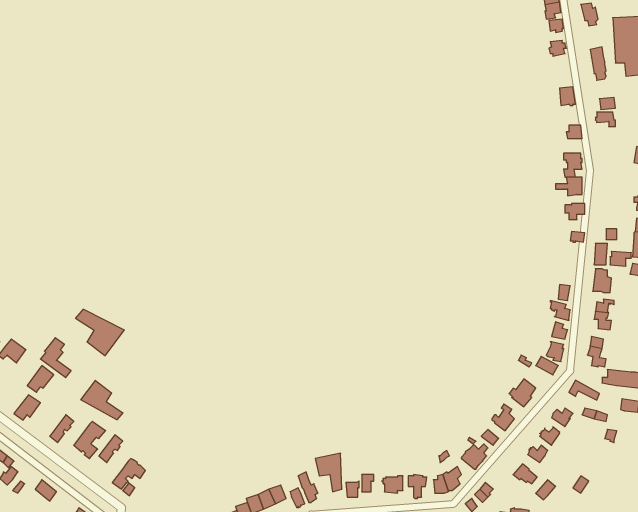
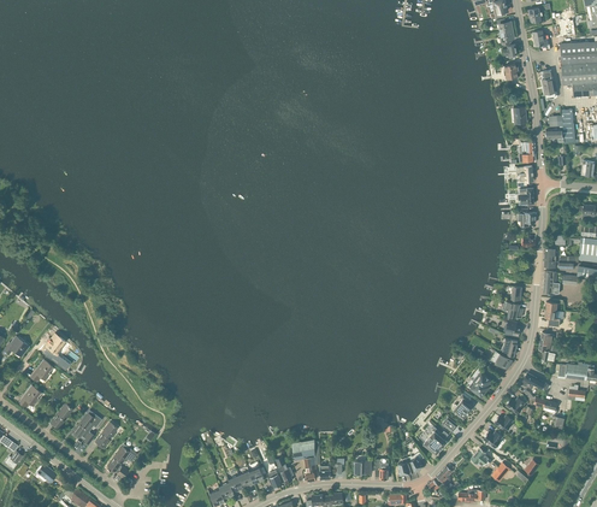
building: [76,309,124,356] -> none
building: [81,380,123,420] -> none

